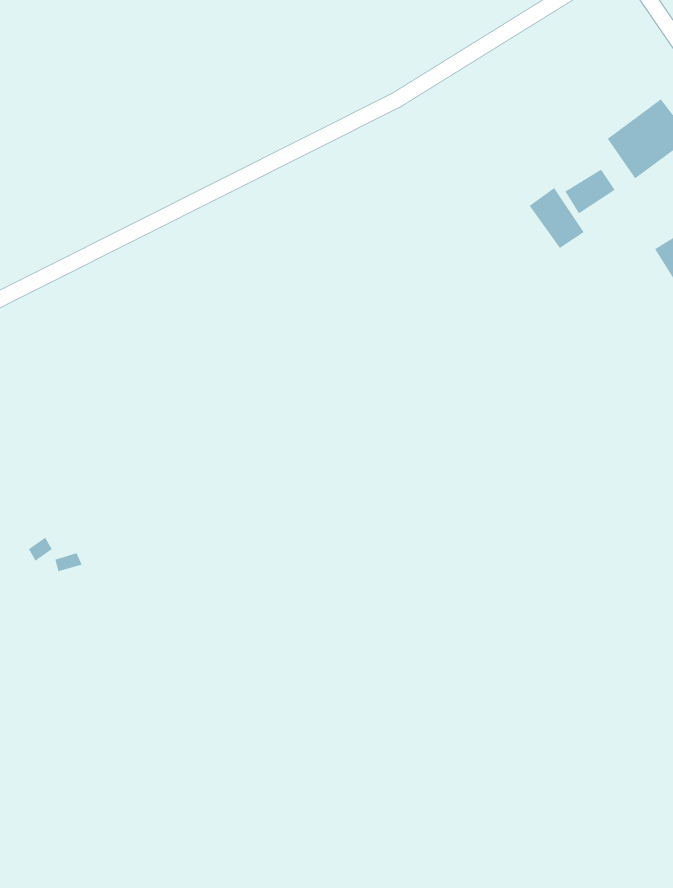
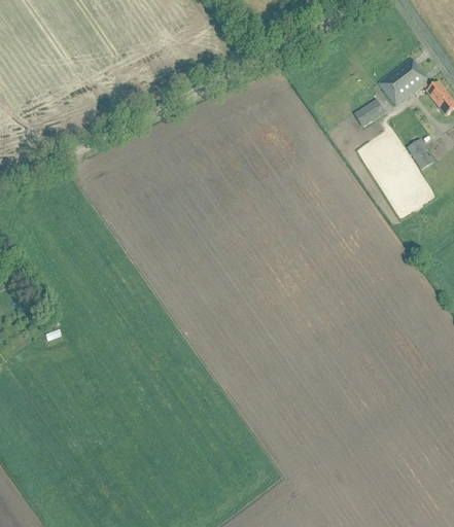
building: [529,187,585,249] -> none

